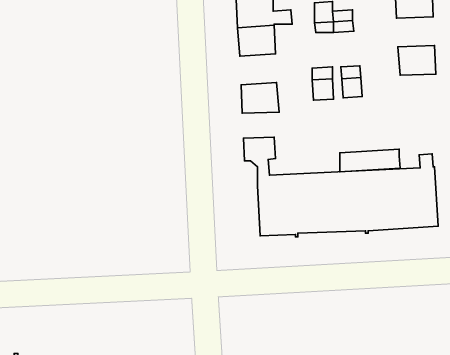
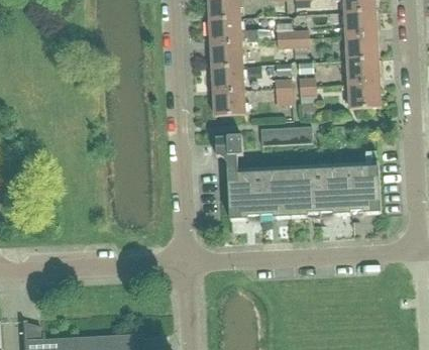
building: none -> [345,34,378,60]
building: none -> [212,66,243,92]
building: none -> [348,83,380,108]
building: [340,149,400,172] -> [260,126,312,145]

